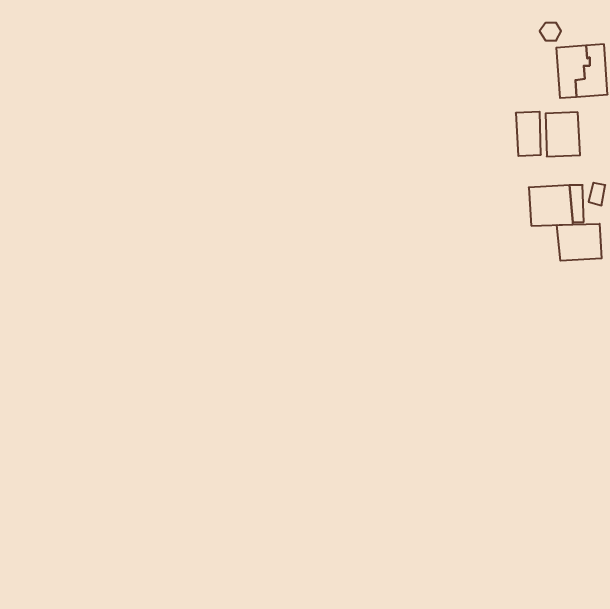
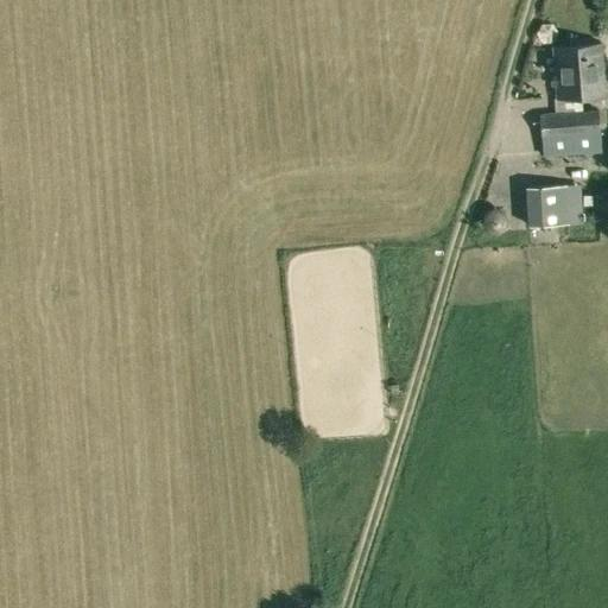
building: [516,112,541,156] -> [575,112,600,156]
building: [557,224,602,261] -> none

